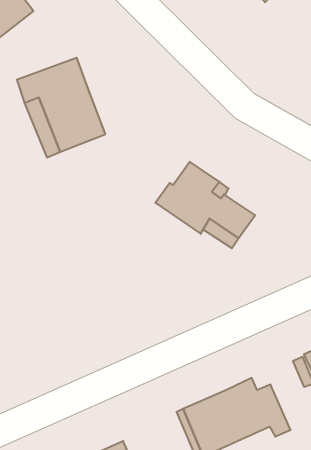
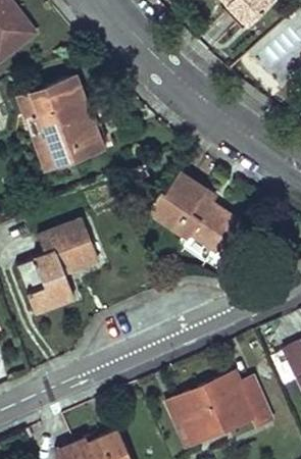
building: none -> [15,218,99,313]

